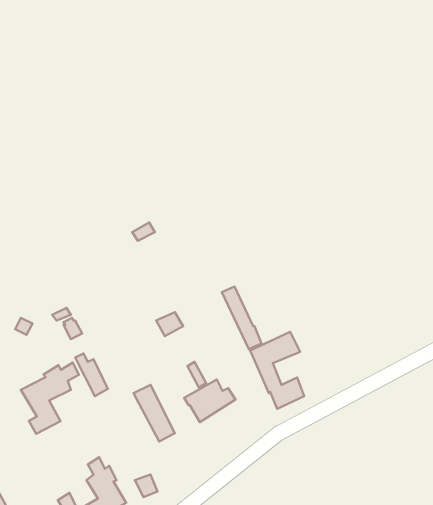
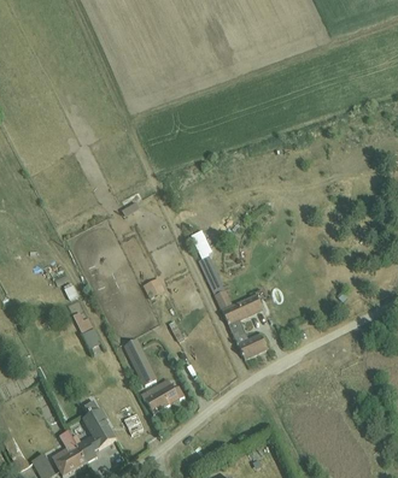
building: [21,363,79,434] -> none
building: [184,379,235,422] -> [141,378,185,414]

